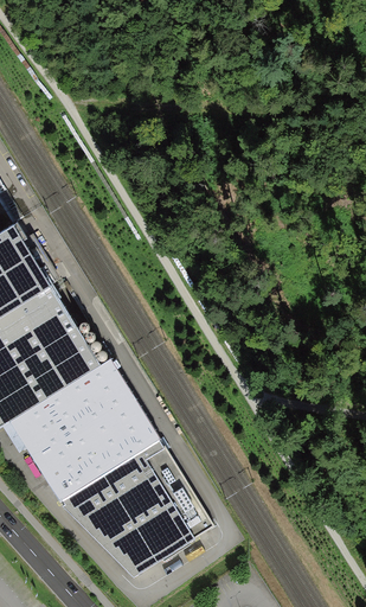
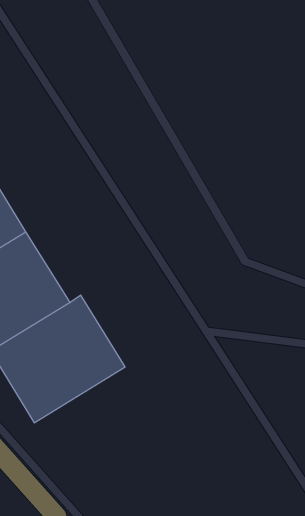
building: [52,429,210,570] -> none

